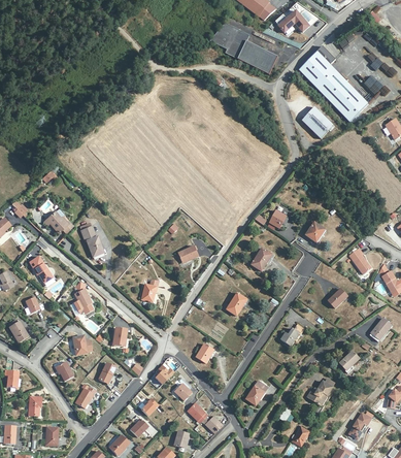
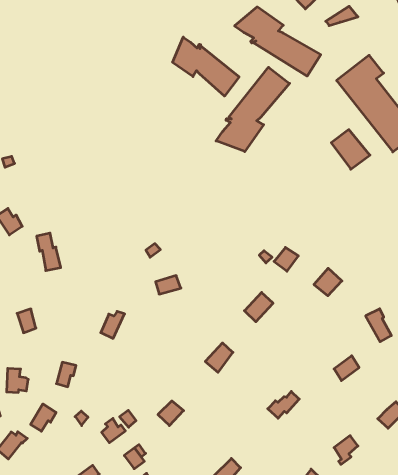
building: none -> [173,37,239,96]
building: none -> [216,67,290,152]

